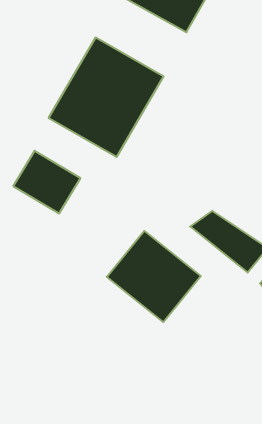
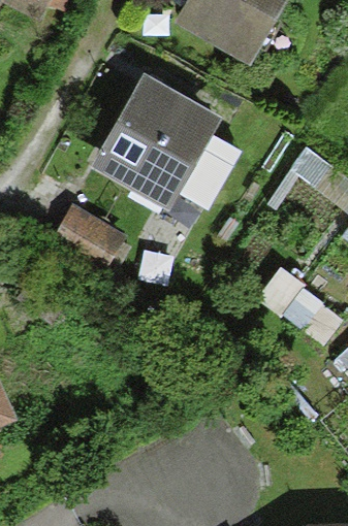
building: [107,231,201,322] -> none

